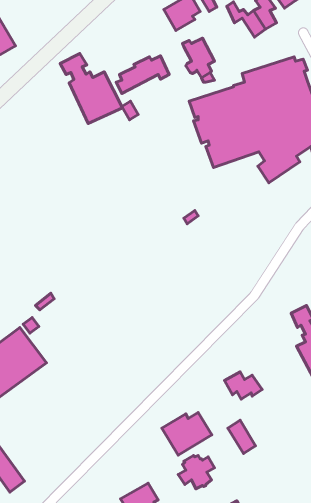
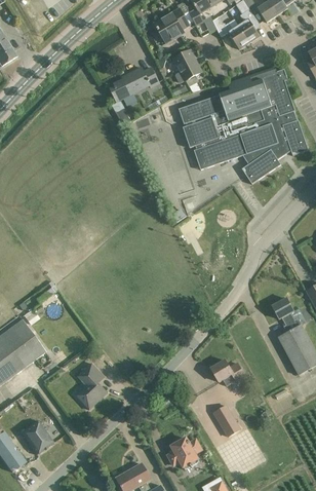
building: [60,53,122,123] -> none
building: none -> [74,363,106,409]
building: [162,413,212,455] -> none
building: none -> [19,420,52,454]

